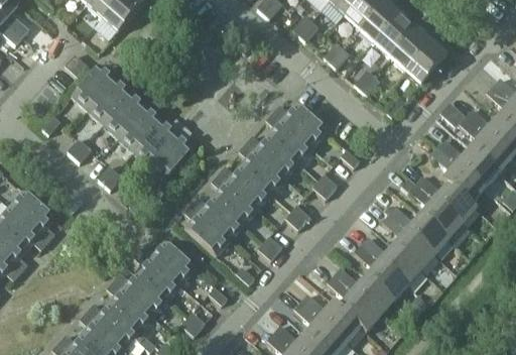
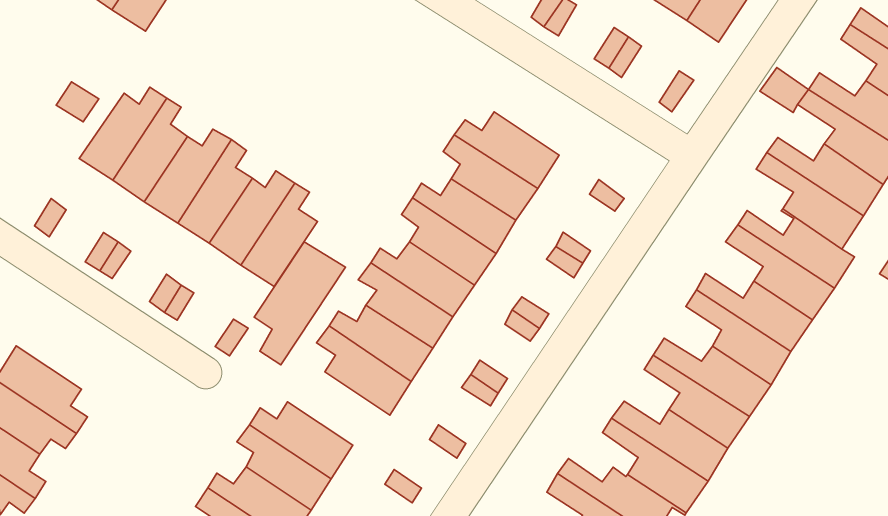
building: none -> [254,242,345,365]

